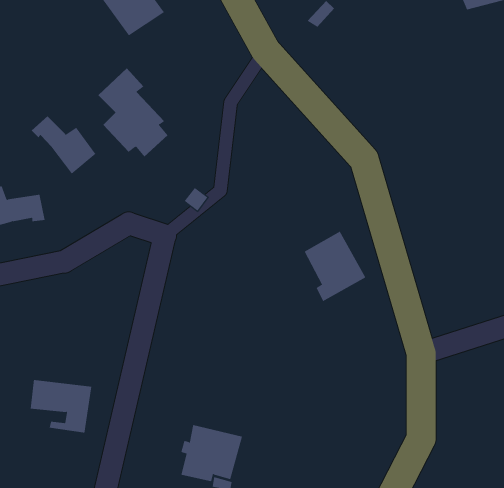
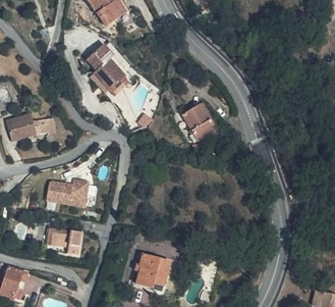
building: [31,115,96,175] -> none
building: [304,231,366,302] -> [180,100,217,142]
building: none -> [46,176,90,205]

